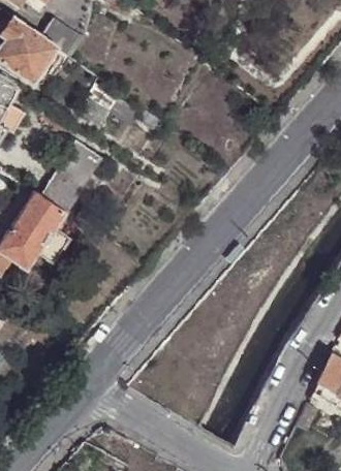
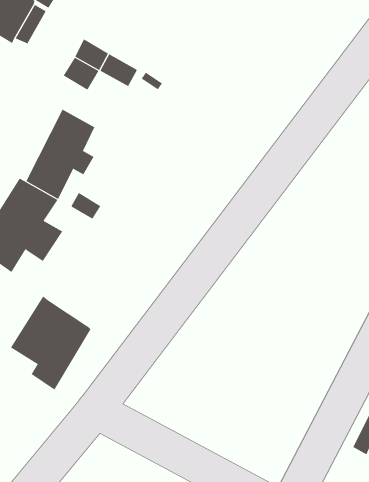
building: none -> [10,295,91,391]

